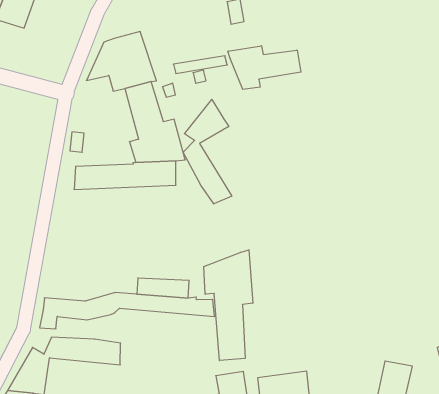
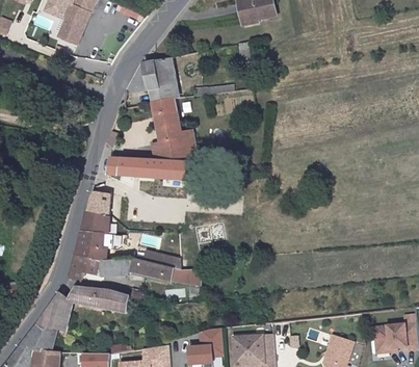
building: [228,46,301,89] -> none
building: [183,99,232,204] -> none
building: none -> [74,194,112,262]
building: [204,250,253,361] -> none

